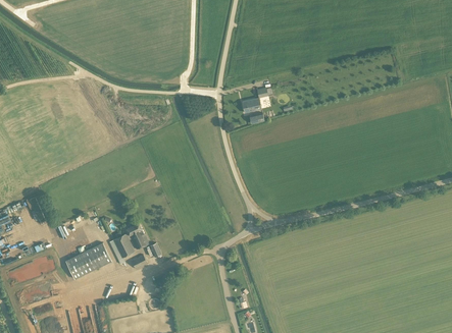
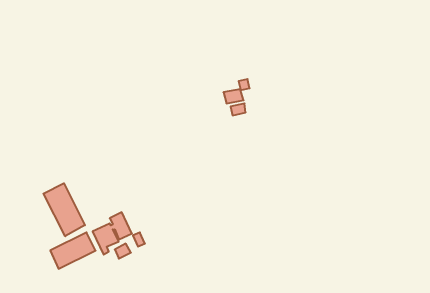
building: none -> [43,183,85,236]

